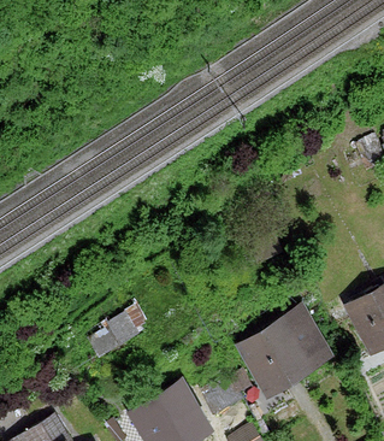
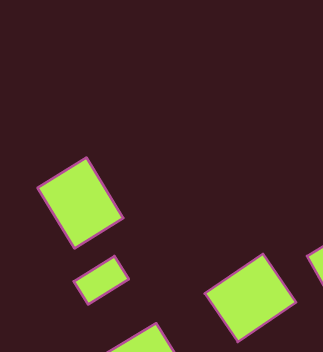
building: none -> [38,158,123,248]

